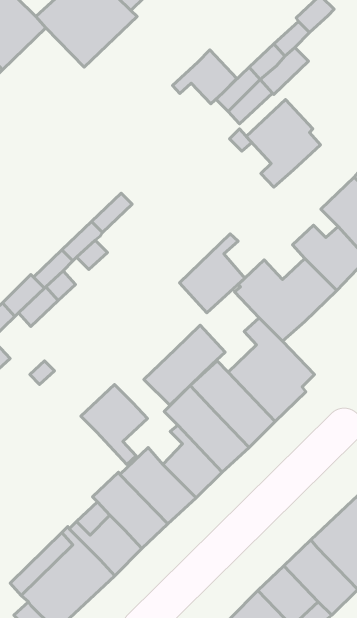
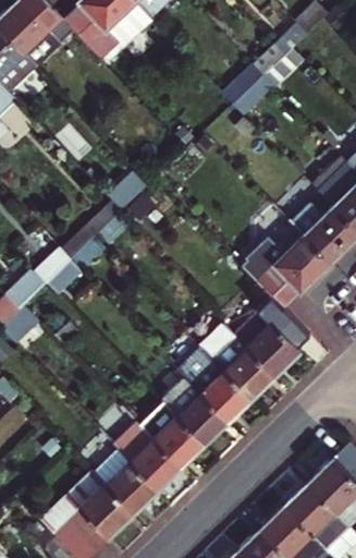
building: [173,50,237,104] -> none
building: [246,99,321,187] -> none
building: [179,234,245,313] -> none
building: [144,325,225,405] -> none
building: [81,384,147,465] -> none

